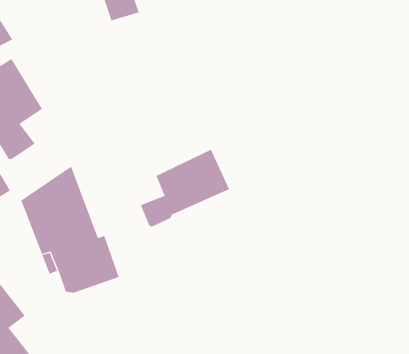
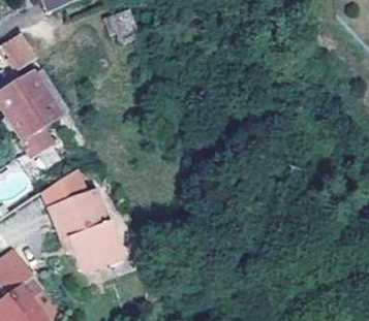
building: [140,149,230,227] -> none

